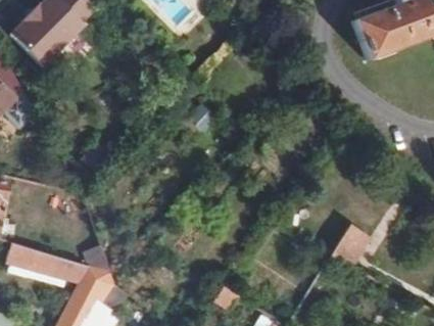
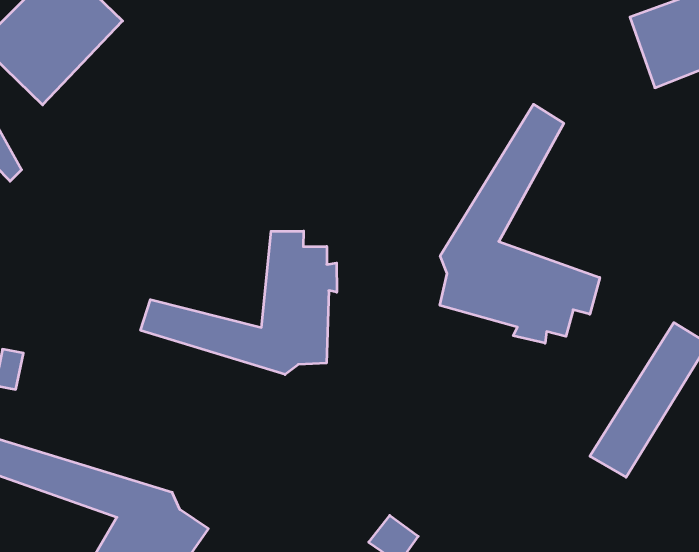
building: none -> [440,104,600,343]
building: none -> [141,231,337,375]

